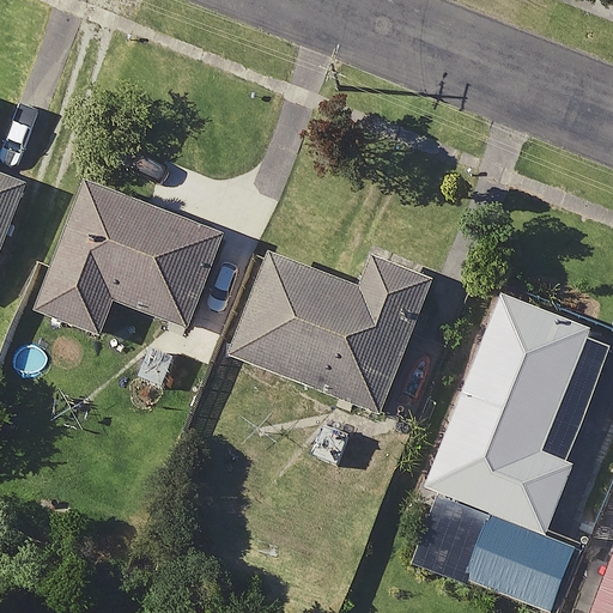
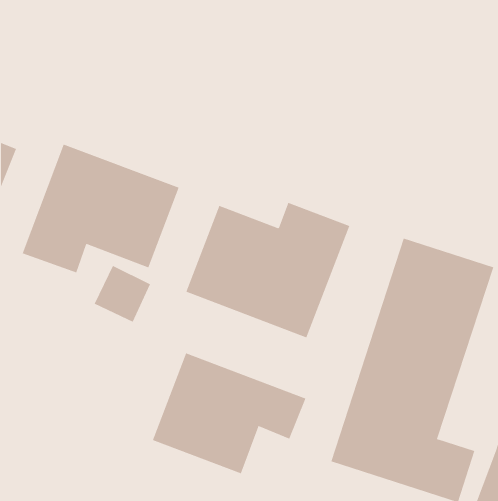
building: none -> [152,353,306,474]

